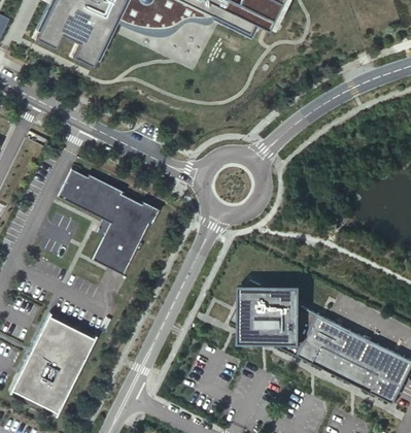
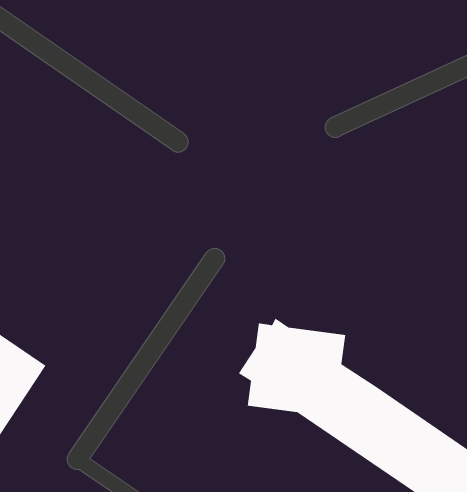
building: [57,171,159,276] -> none

